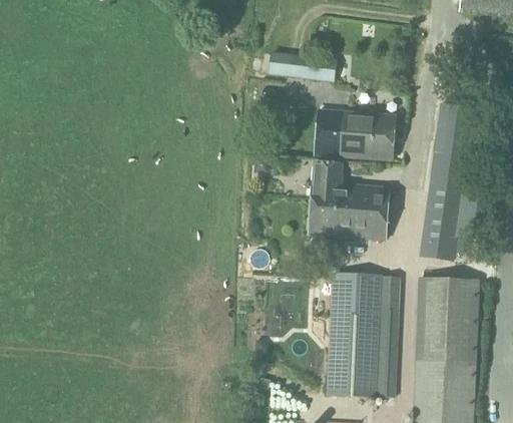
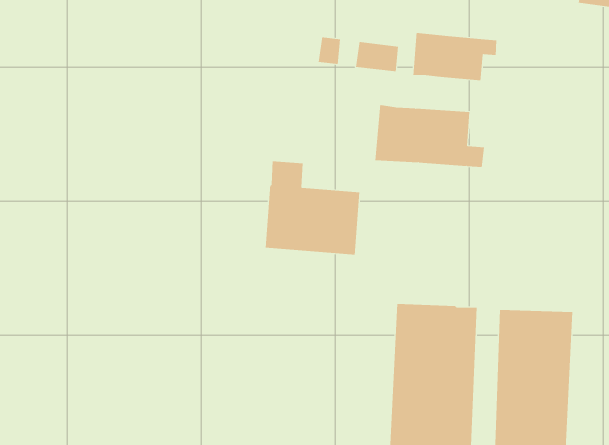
building: none -> [413,32,497,81]
building: [420,102,476,261] -> none
building: [310,161,389,240] -> [265,161,360,255]

